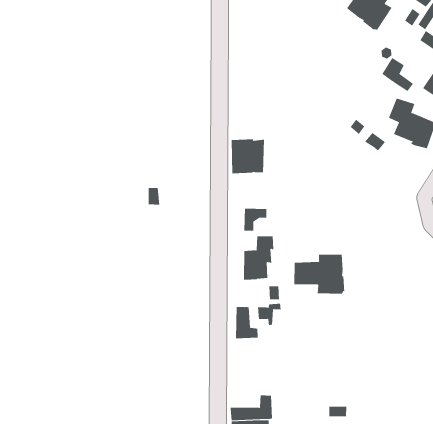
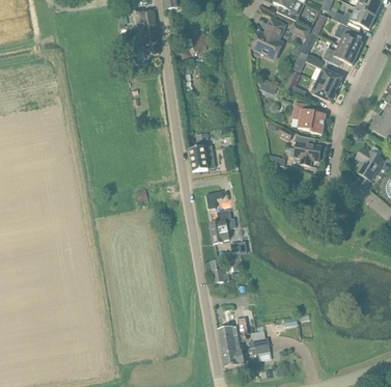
building: none -> [294,132,322,164]
building: [294,254,345,295] -> none

